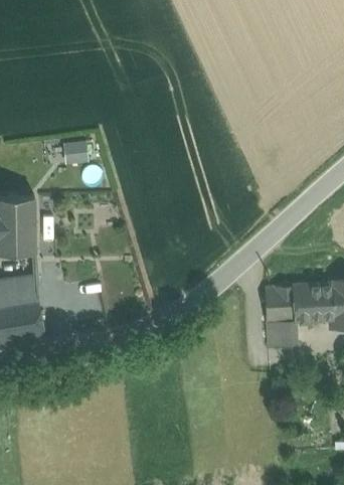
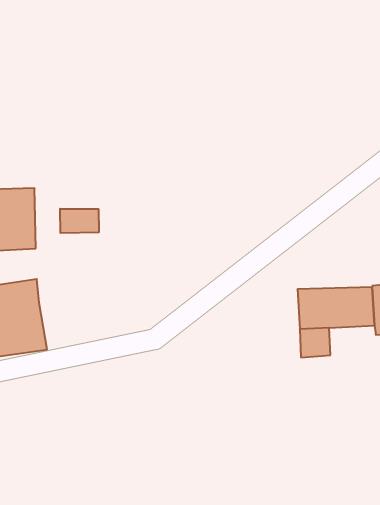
building: [60,140,85,163] -> none
building: none -> [60,209,99,233]

